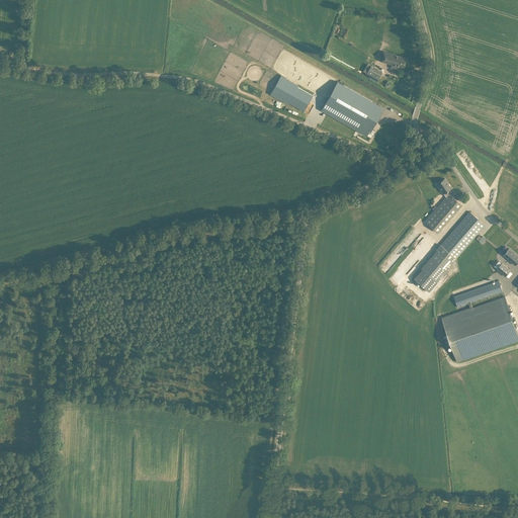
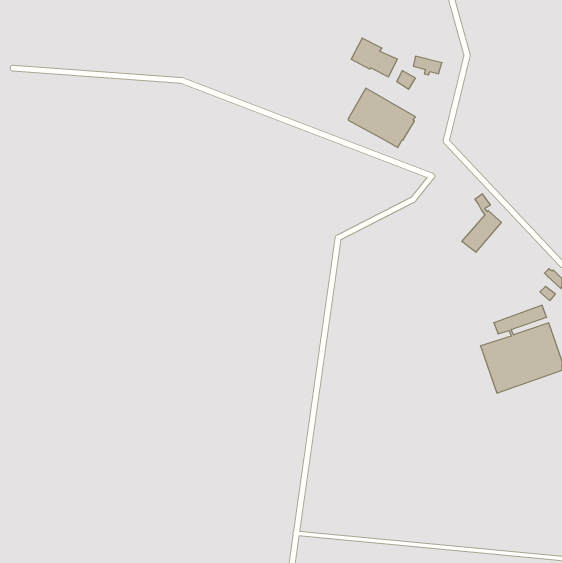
building: [269,75,312,110] -> [351,38,397,77]
building: [413,211,484,292] -> none

